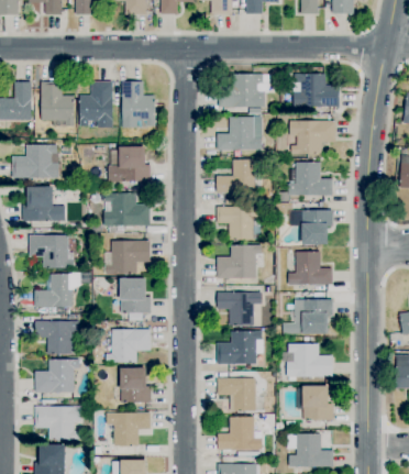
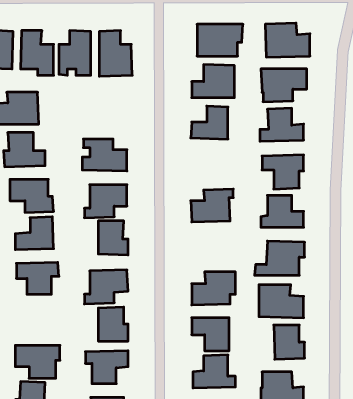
building: [110,147,152,181] -> none
building: [217,206,258,241] -> none
building: [218,293,262,326] -> none
building: [35,360,80,394] -> none

